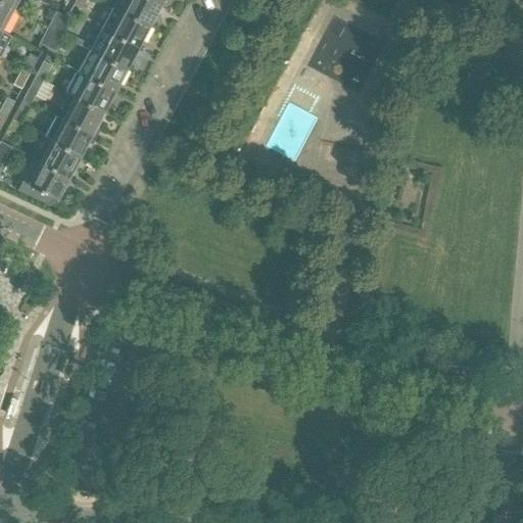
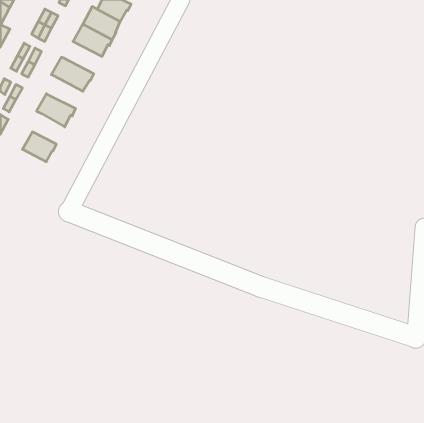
building: [79,51,126,91] -> none
building: [62,97,102,134] -> none
building: [40,140,80,178] -> none

